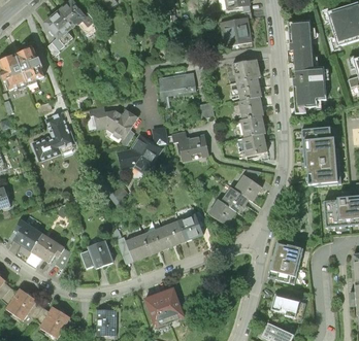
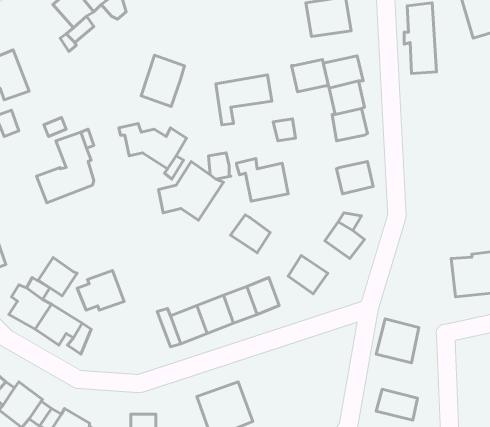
building: [14,48,42,83] -> none
building: none -> [141,55,185,107]
building: [292,69,324,106] -> none
building: [239,114,265,137] -> [292,60,328,92]
building: [302,126,337,181] -> none
building: [220,186,248,213] -> [231,215,270,253]
building: none -> [38,258,77,296]
building: [79,240,112,268] -> [77,271,124,310]

